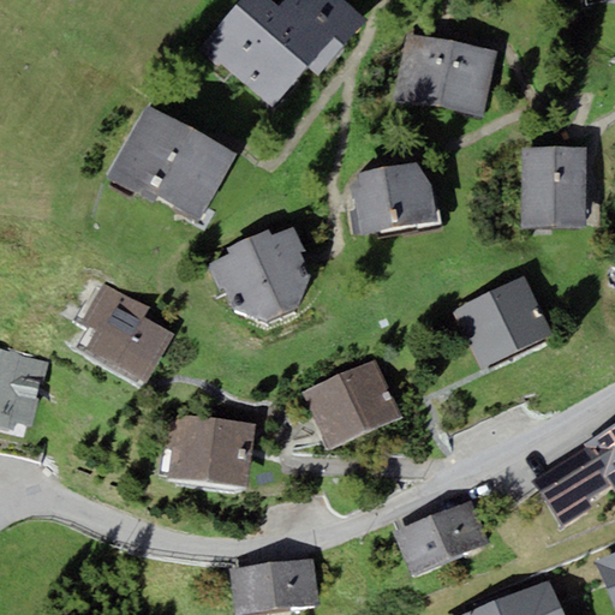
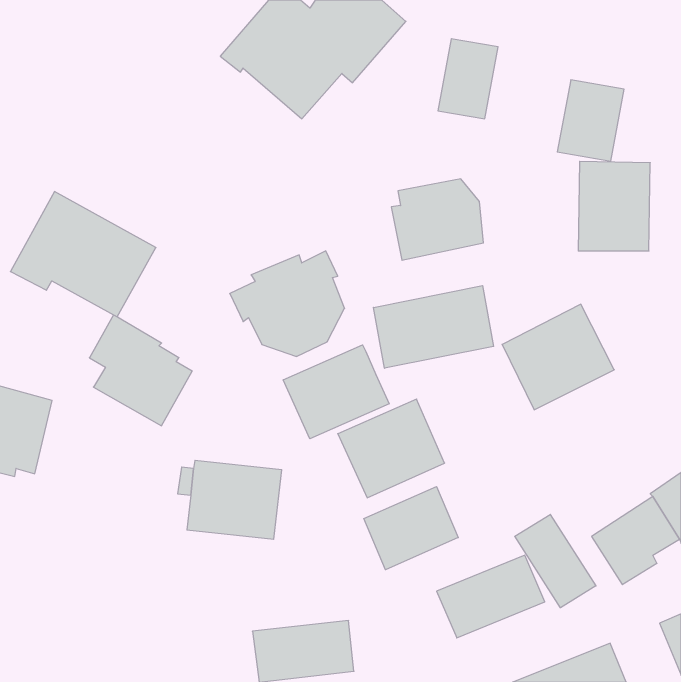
building: [436,42,496,115] -> [557,80,624,161]
building: [106,106,237,219] -> [10,192,156,317]
building: none -> [373,286,494,368]
building: none -> [283,345,389,439]
building: none -> [364,487,458,570]
building: none -> [515,514,596,608]

